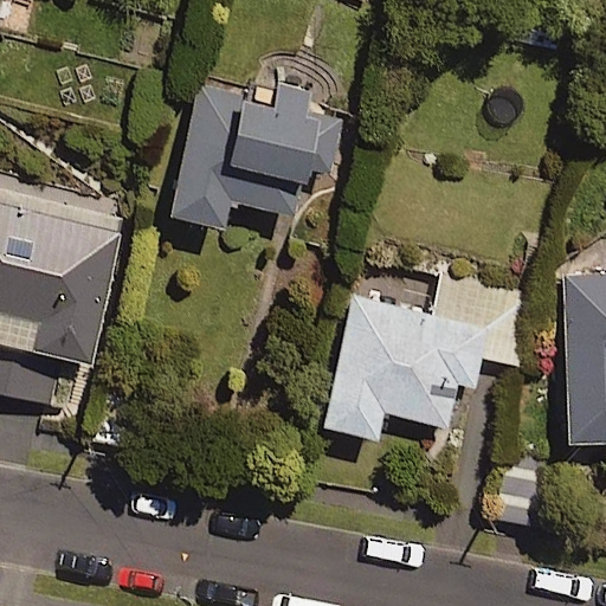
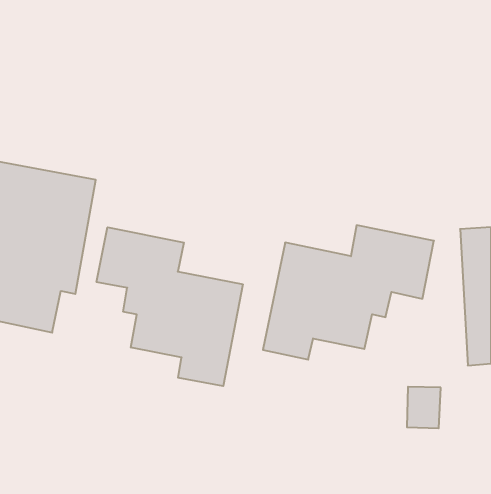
building: [172,86,343,231] -> none
building: none -> [97,227,243,386]

